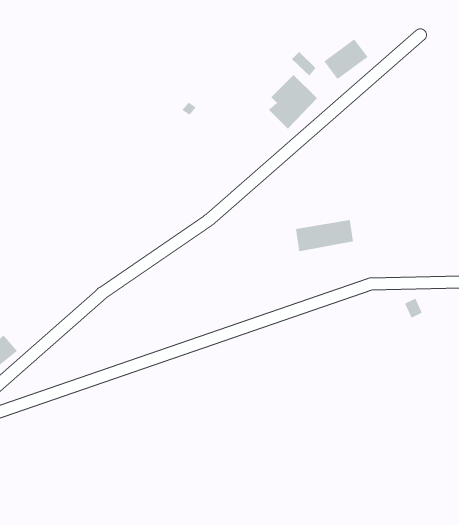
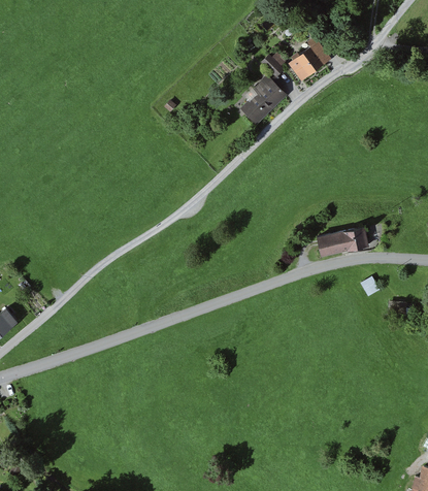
building: [295,219,354,252] -> [314,227,366,256]

